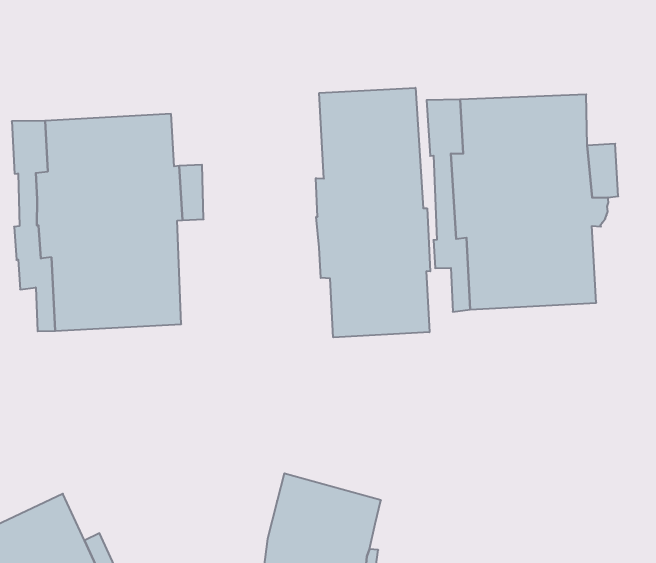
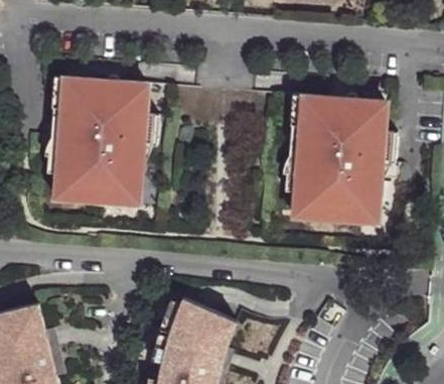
building: [316,88,430,337] -> none

